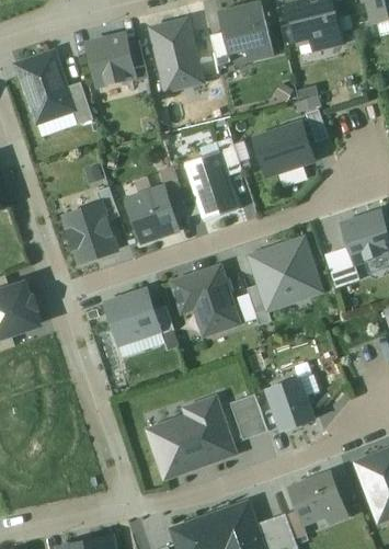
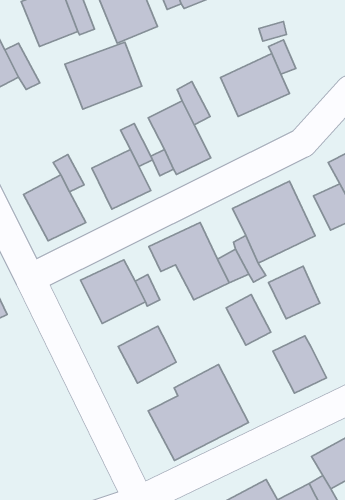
building: none -> [65,42,142,109]
building: none -> [269,266,320,319]
building: none -> [118,326,176,383]
building: [229,394,266,439] -> [226,295,271,345]

